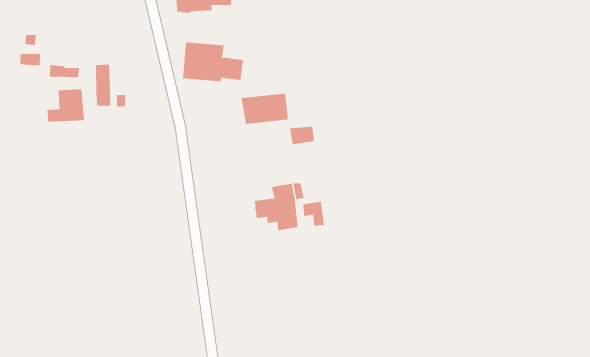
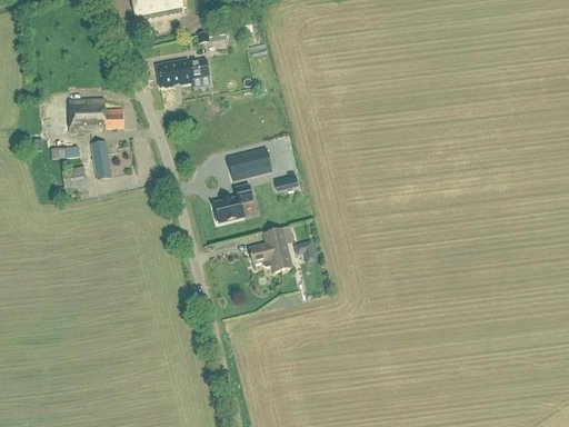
building: [182,42,244,82] -> [69,98,123,132]
building: none -> [213,185,252,222]

